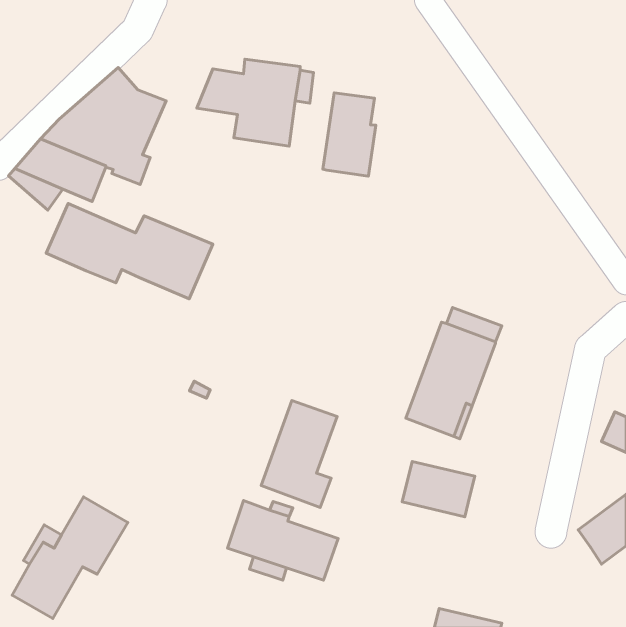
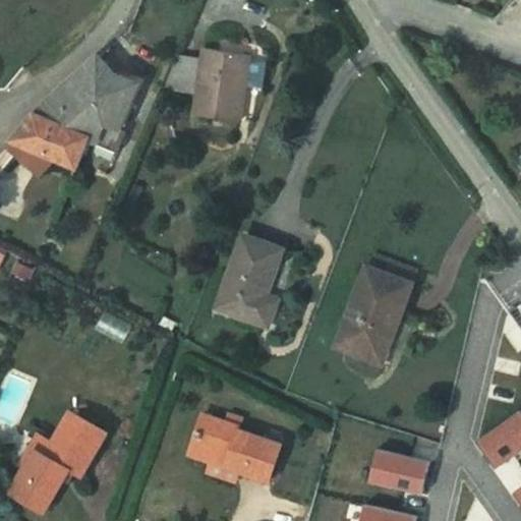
building: [323,93,376,176] -> none
building: [46,203,213,299] -> none
building: [261,401,337,508] -> [217,237,280,326]
building: [402,461,475,517] -> [368,450,428,496]

